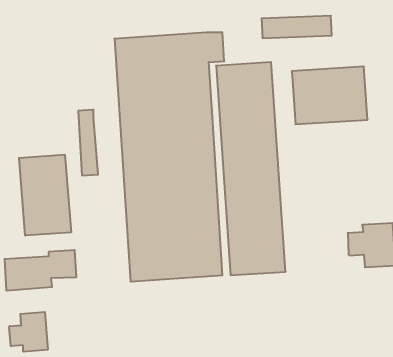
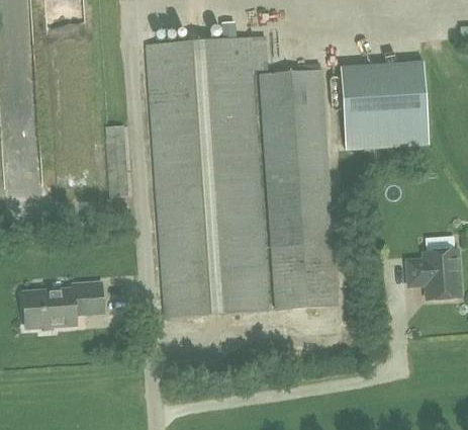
building: [262,16,332,38] -> [346,54,425,79]
building: [19,155,71,236] -> none
building: [9,312,48,352] -> none

